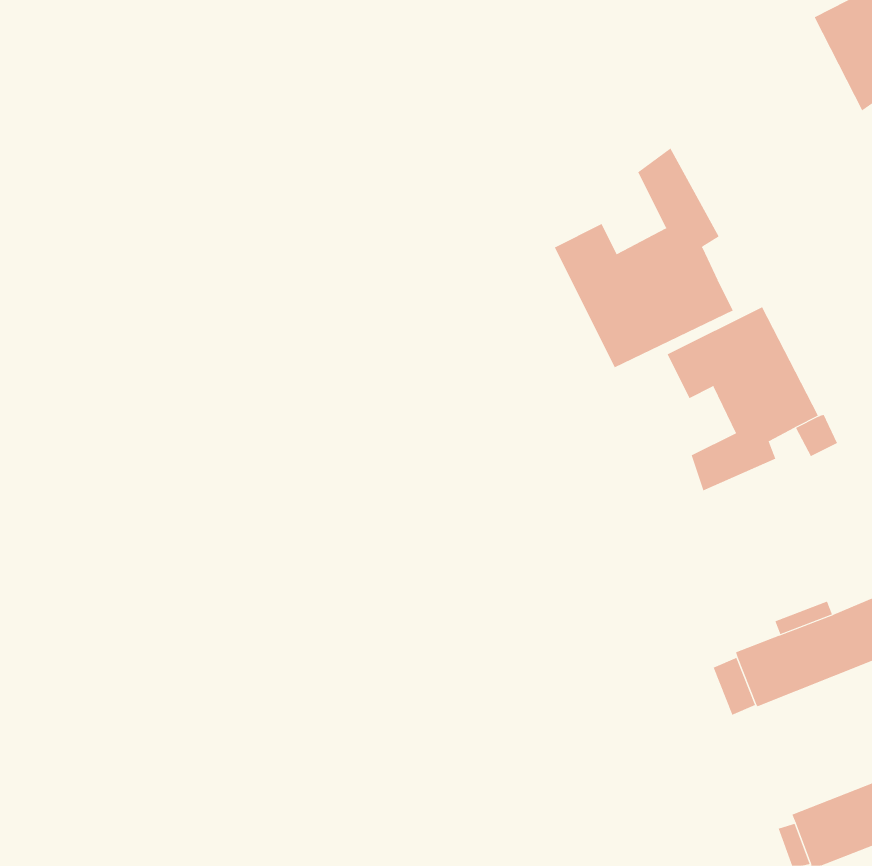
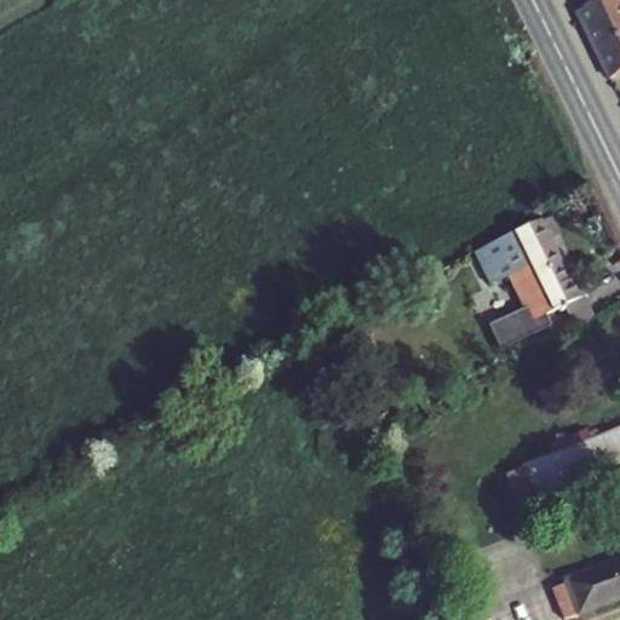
building: [554,148,734,368] -> none

